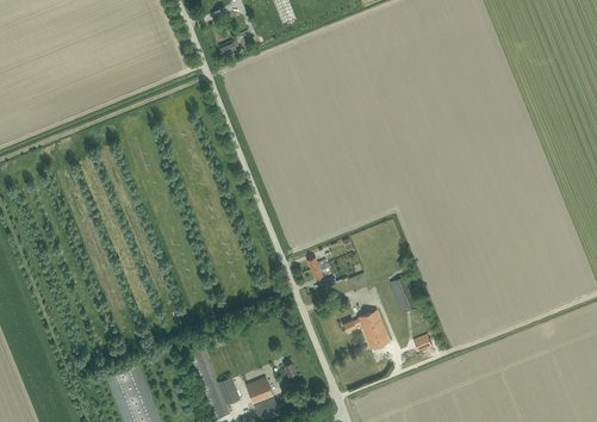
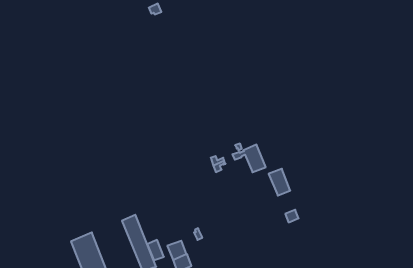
building: [342,310,390,349] -> [232,145,266,172]

